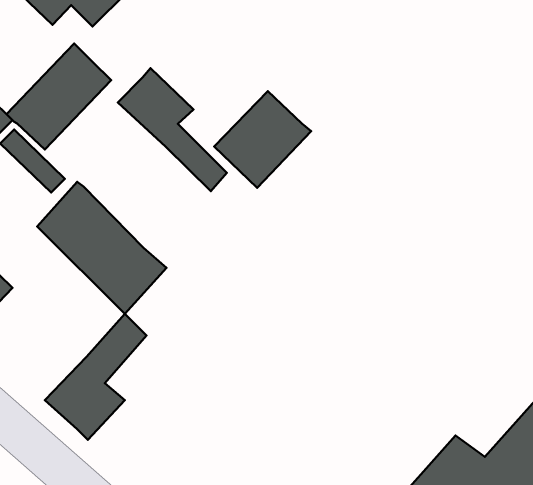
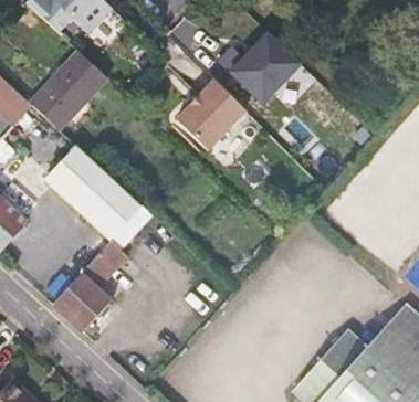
building: none -> [229,36,298,106]
building: [118,68,227,191] -> none

